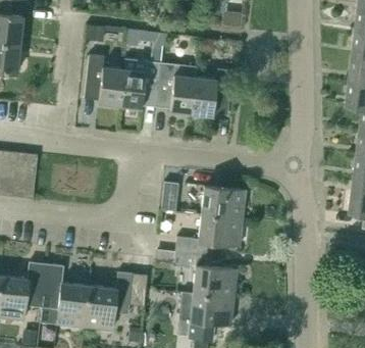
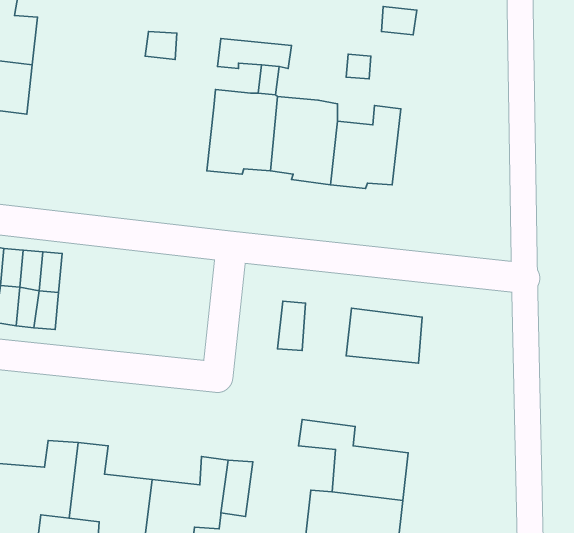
building: [84,54,124,106] -> none
building: [175,213,243,254] -> none

